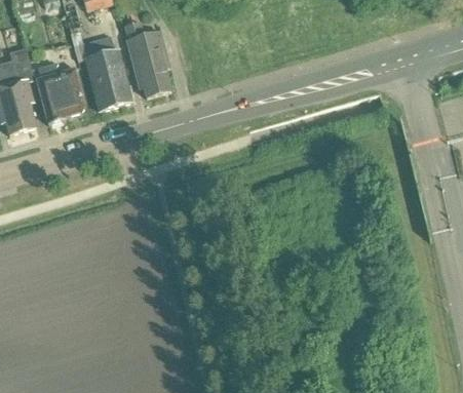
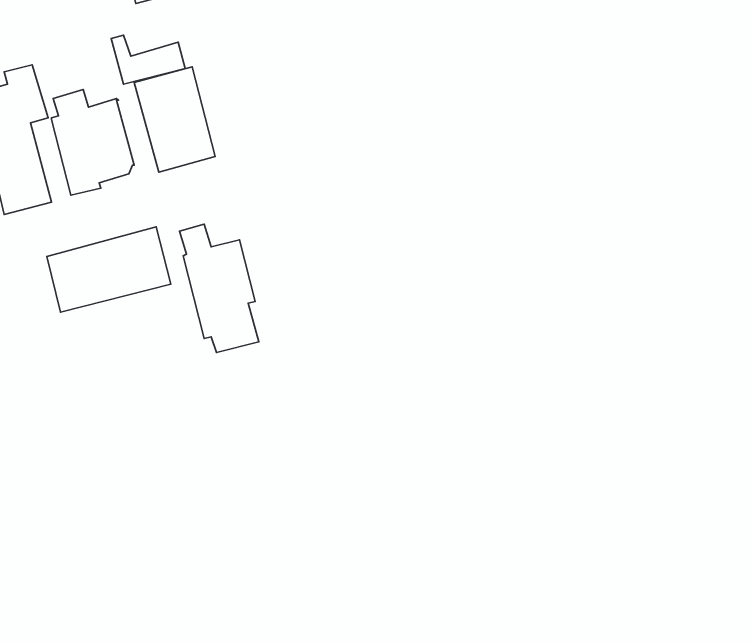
building: [124,22,170,96] -> [180,224,259,353]
building: none -> [47,227,171,312]

